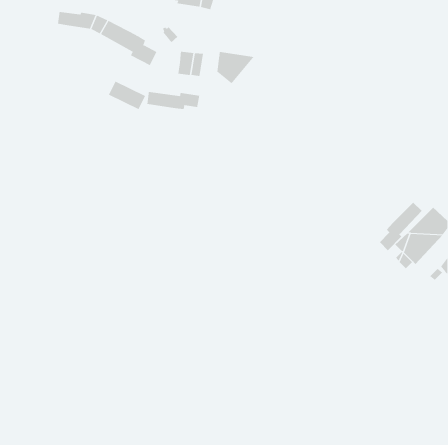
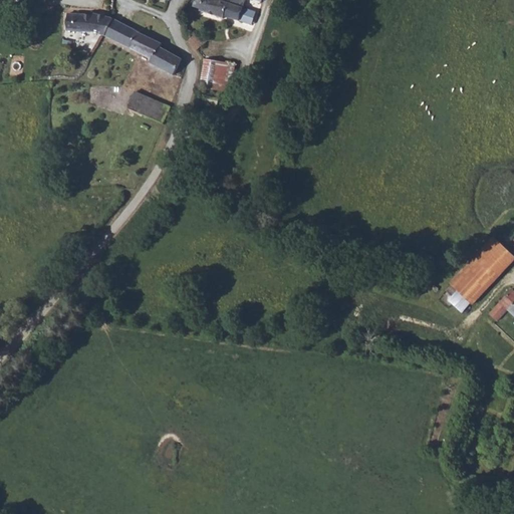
building: [217,51,255,84] -> none
building: [147,91,200,110] -> none
building: [379,202,423,251] -> none

